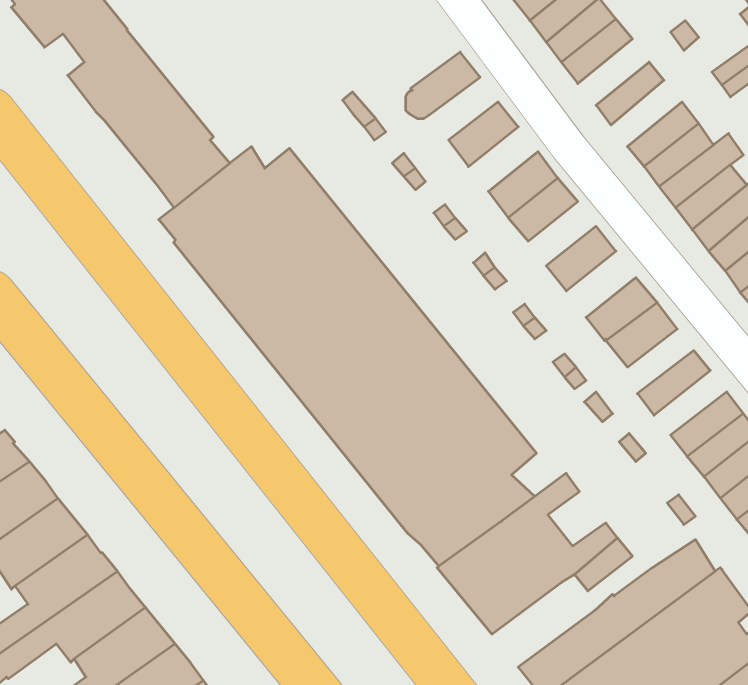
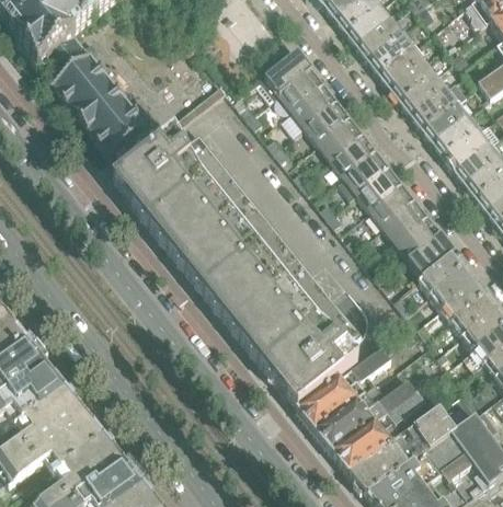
building: none -> [255,48,311,99]
building: none -> [389,58,436,102]
building: none -> [290,83,336,125]
building: none -> [411,85,458,129]
building: none -> [317,116,363,159]
building: none -> [356,165,401,208]
building: none -> [381,198,427,242]
building: none -> [418,250,466,292]
building: none -> [439,277,488,320]
building: none -> [332,417,400,473]

